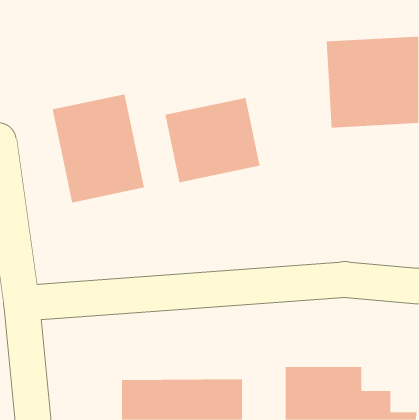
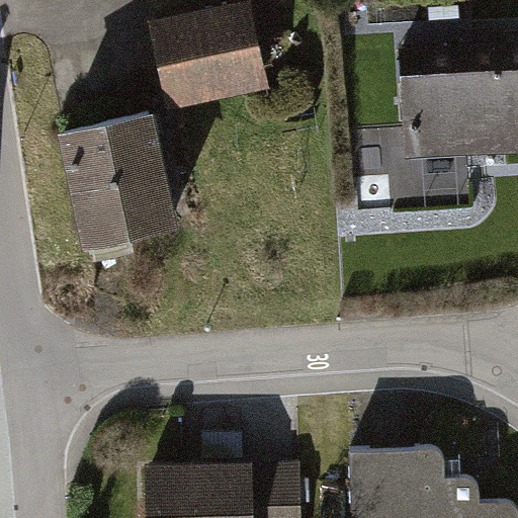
building: none -> [154,5,260,105]
building: [165,97,260,183] -> none

